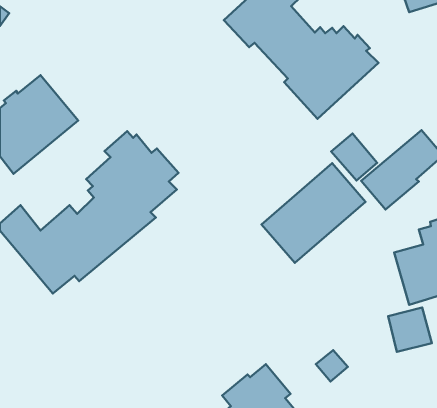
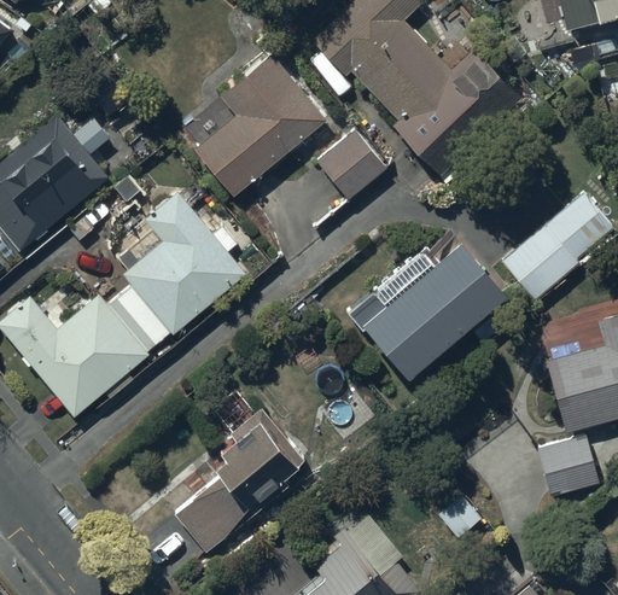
building: none -> [192,52,326,197]
building: none -> [316,129,387,200]
building: [331,133,377,180] -> none
building: none -> [174,392,304,552]

